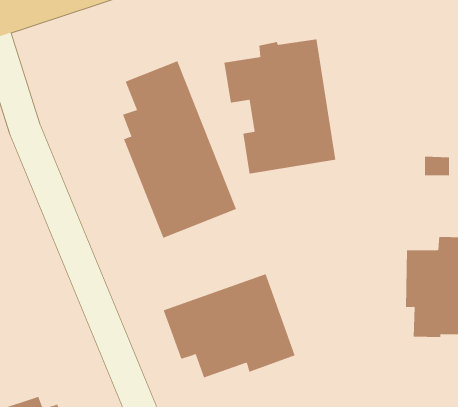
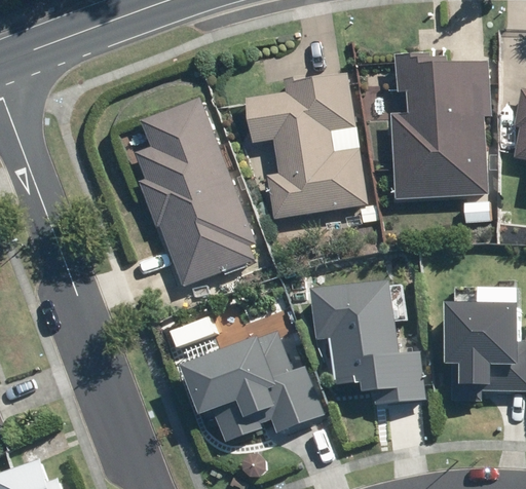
building: none -> [389,52,492,199]
building: none -> [310,281,426,403]

